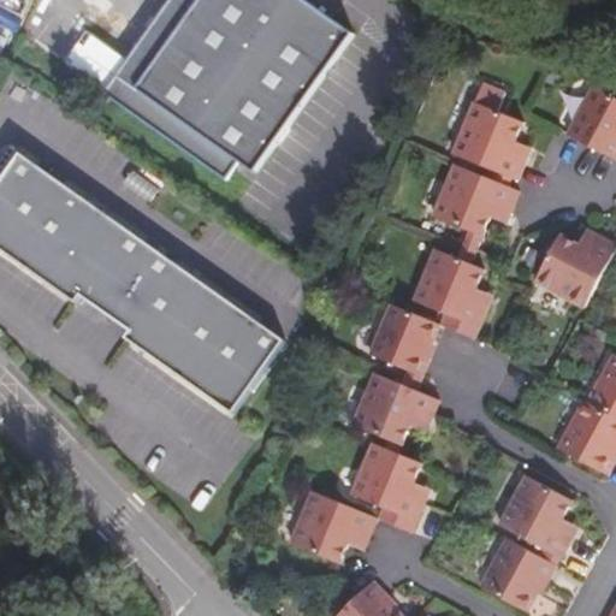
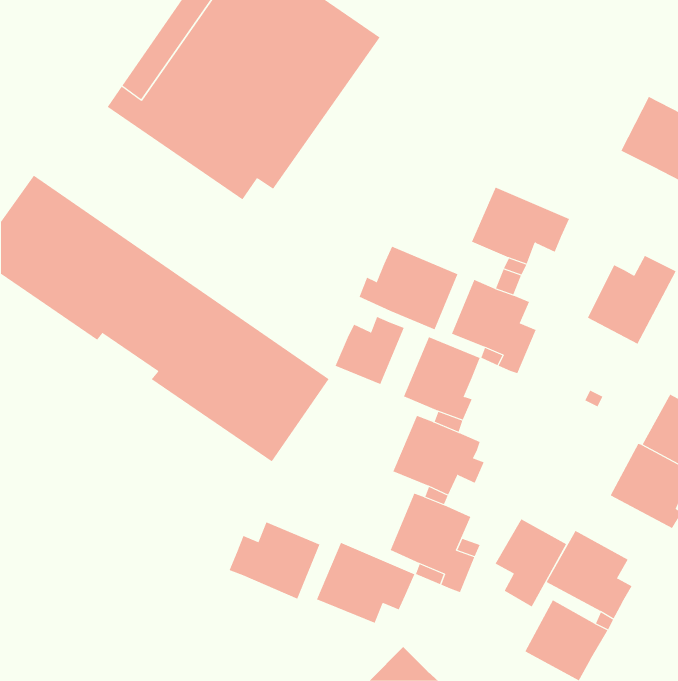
building: [448,82,529,180] -> none
building: none -> [359,246,458,330]
building: none -> [335,316,405,385]
building: none -> [495,519,567,607]
building: none -> [229,521,320,599]

